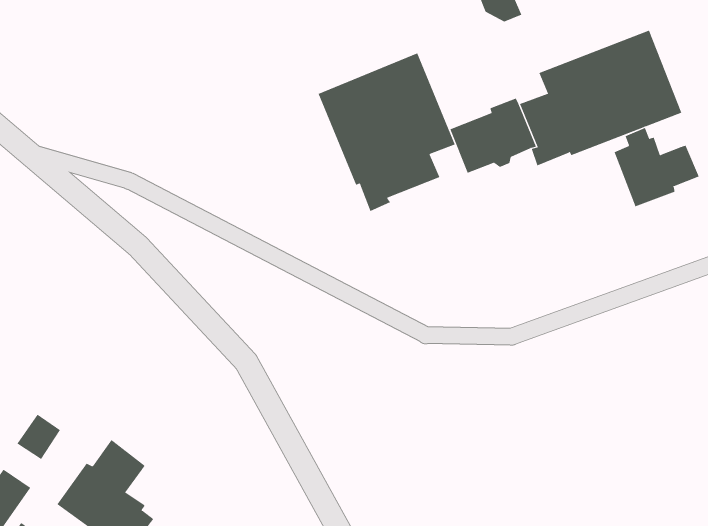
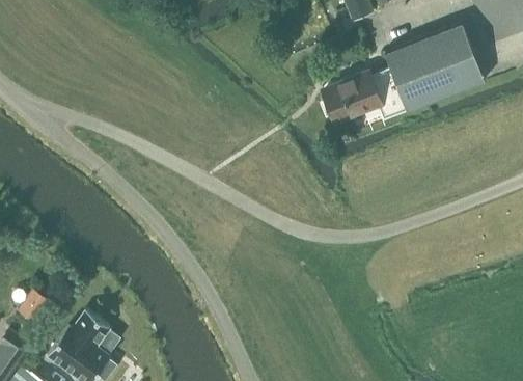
building: [318,52,456,212] -> none
building: [614,127,700,207] -> none

